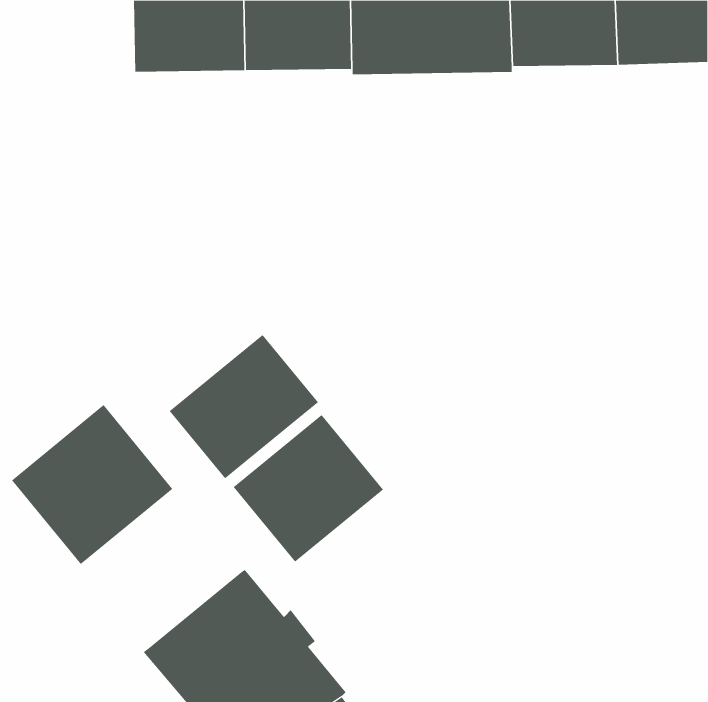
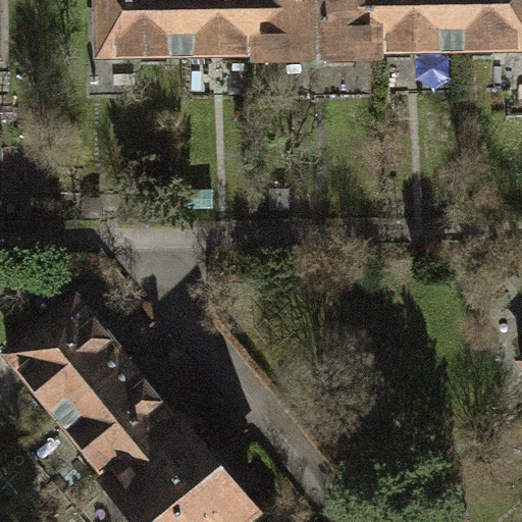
building: [169,334,319,479] -> none
building: [233,414,384,563] -> none
building: none -> [59,364,177,481]

